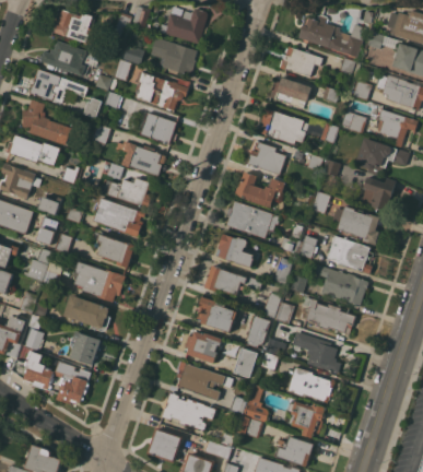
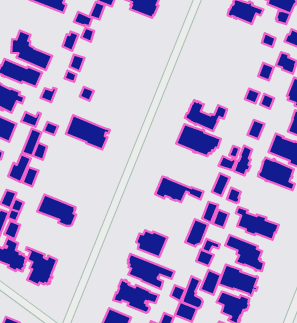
building: [30,69,87,103] -> none
building: [134,71,190,110] -> none
building: [269,76,312,108] -> none
building: [261,108,309,144] -> none
building: [140,113,177,144] -> none
building: [115,141,166,176] -> none
building: [247,141,285,175] -> none
building: [98,177,152,209] -> none
building: [216,234,254,268] -> none
building: [97,235,136,268] -> none
building: [74,261,126,303] -> none
building: [314,263,368,306] -> none
building: [196,297,234,332] -> none
building: [70,331,101,366] -> none
building: [233,347,257,377] -> [200,270,221,295]

